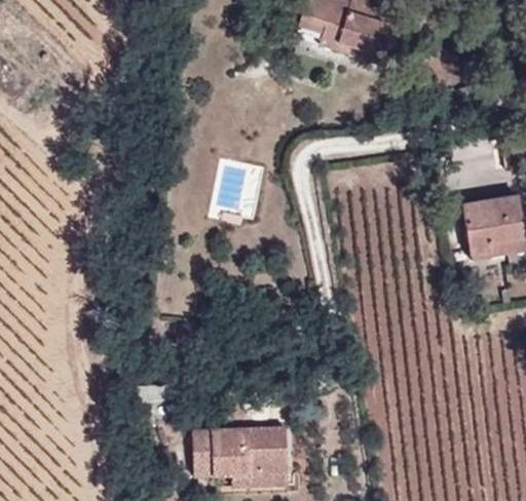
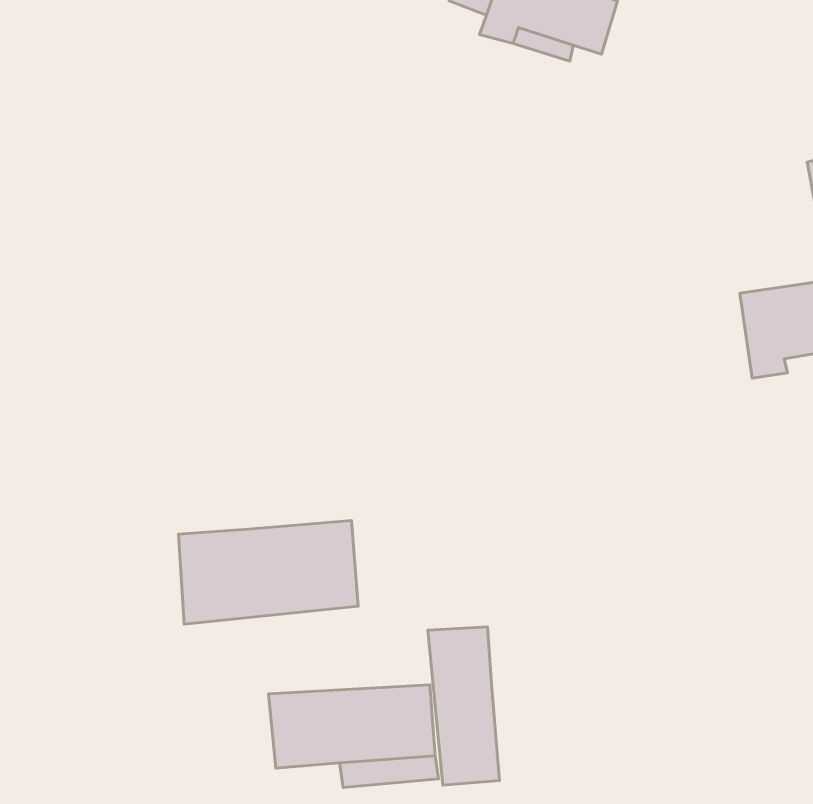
building: none -> [179,521,358,624]
building: none -> [428,627,499,785]

